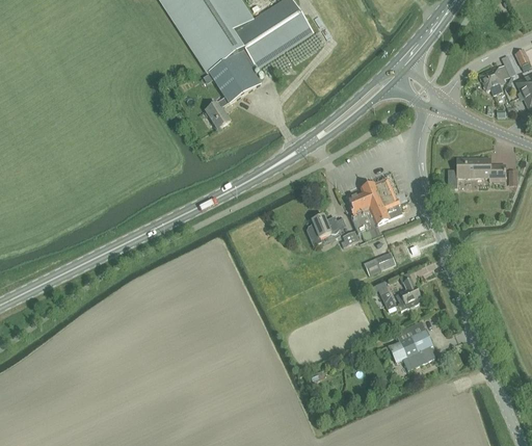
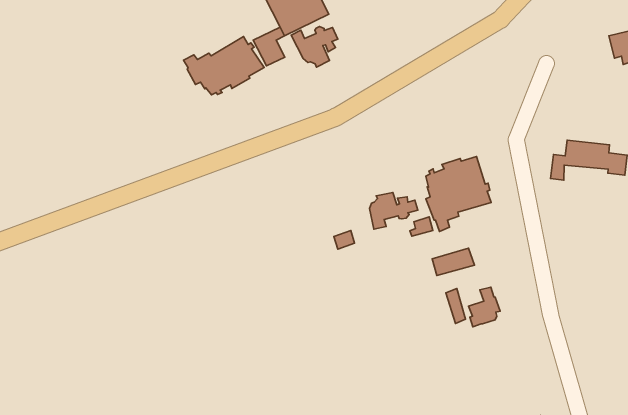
building: none -> [291,27,338,67]
building: none -> [183,36,264,95]
building: [388,320,434,370] -> none

